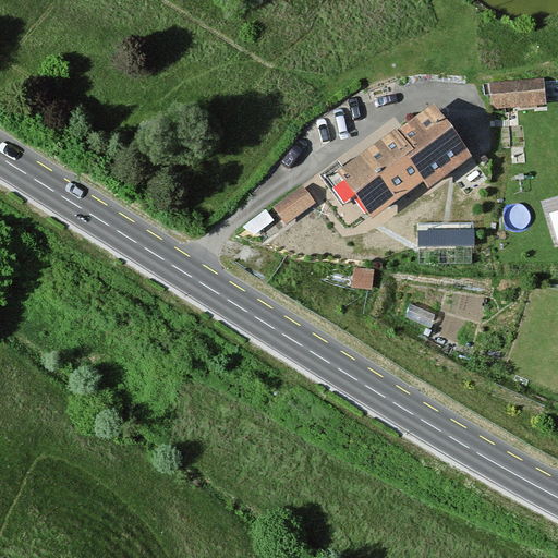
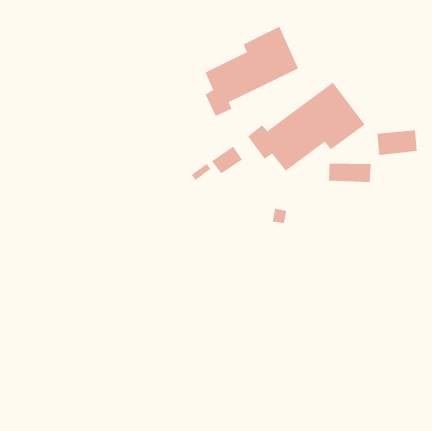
building: none -> [205,26,299,117]
building: [492,75,544,108] -> [377,130,418,156]

